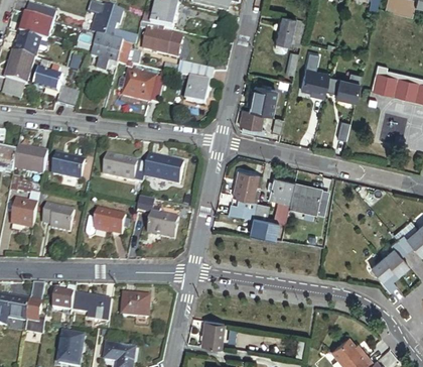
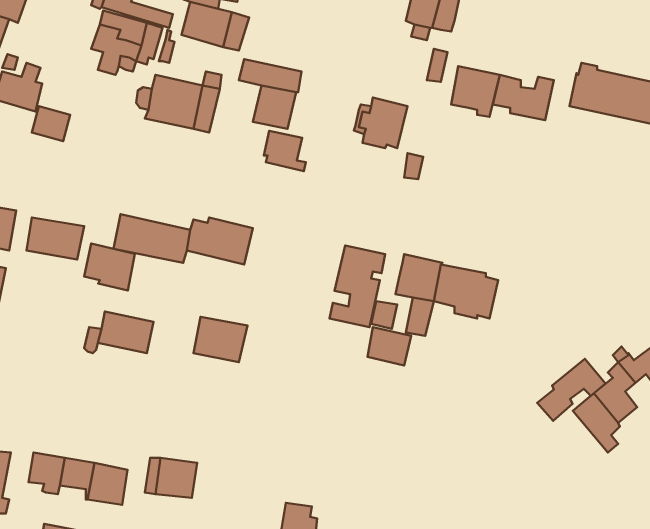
building: [239,111,263,134] -> [264,131,306,171]
building: [42,204,72,231] -> [84,244,135,291]
building: none -> [537,359,606,421]

